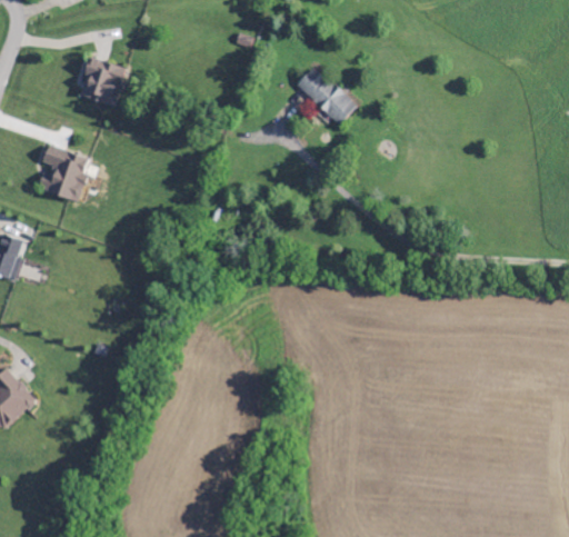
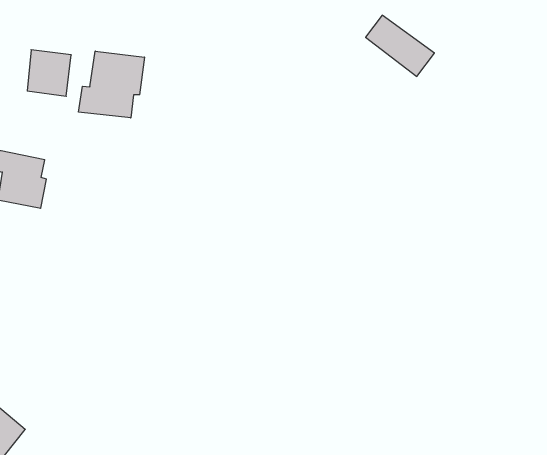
building: [297,66,357,126] -> [366,15,434,76]
building: none -> [79,51,144,118]

